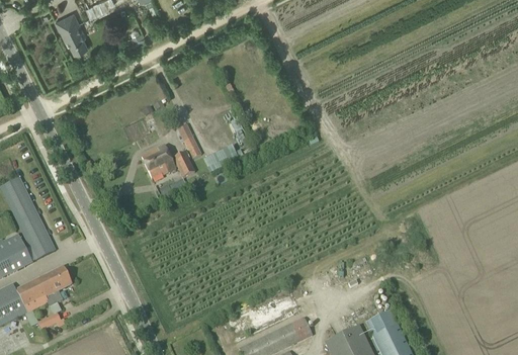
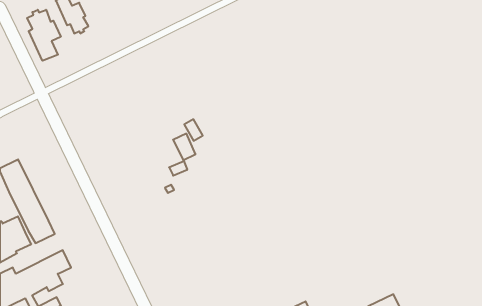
building: none -> [27,10,61,61]
building: [143,147,177,178] -> none

